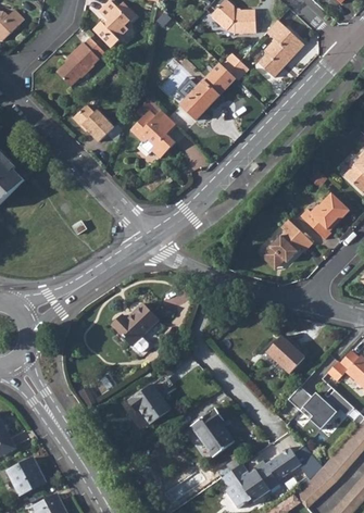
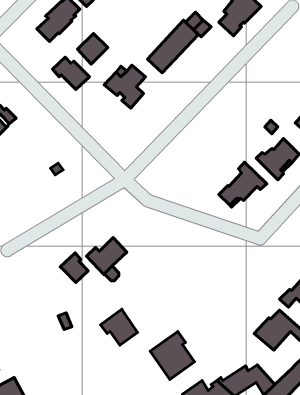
building: none -> [77,34,108,64]
building: none -> [60,253,88,282]
building: [265,337,303,374] -> none

